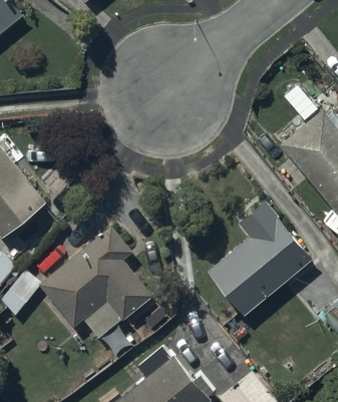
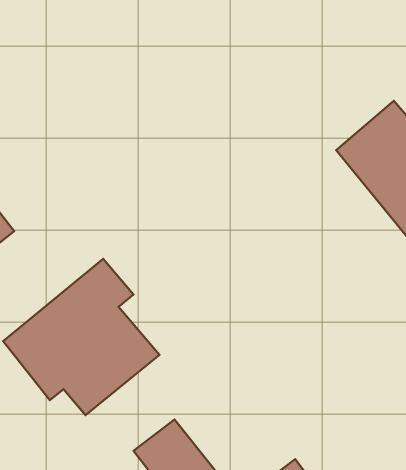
building: [207,199,313,316] -> none

